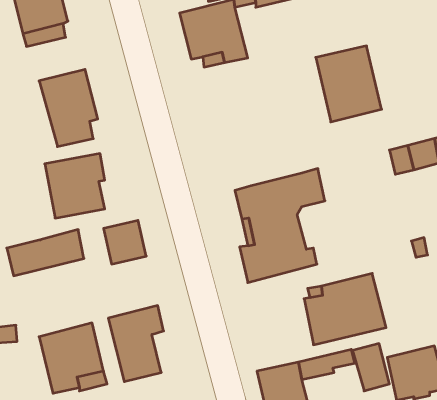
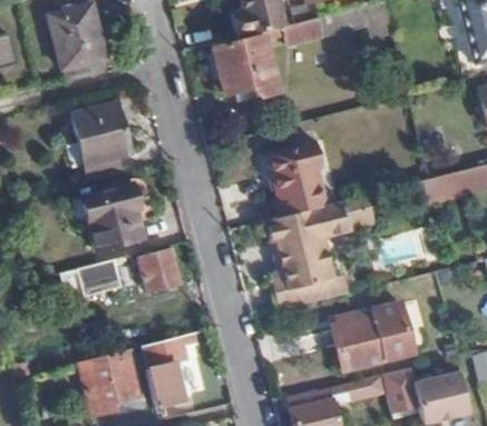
building: [316,46,382,122] -> [267,142,331,216]

